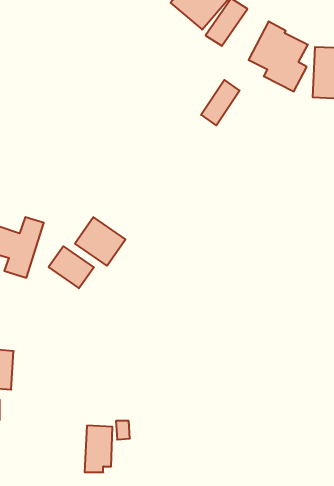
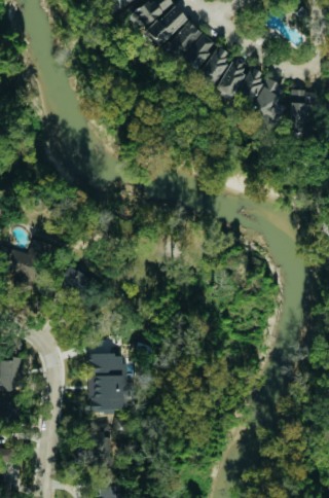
building: [201,80,240,125] -> [214,59,248,99]
building: [75,217,125,266] -> none
building: none -> [87,354,126,413]

